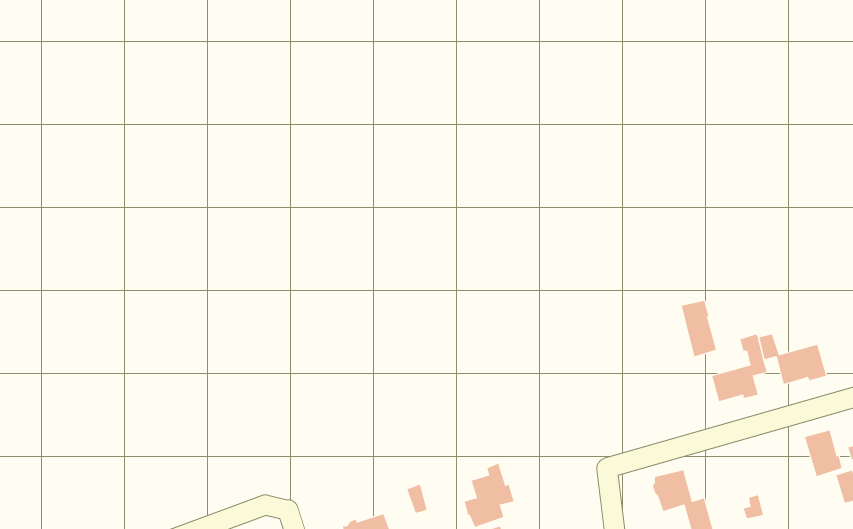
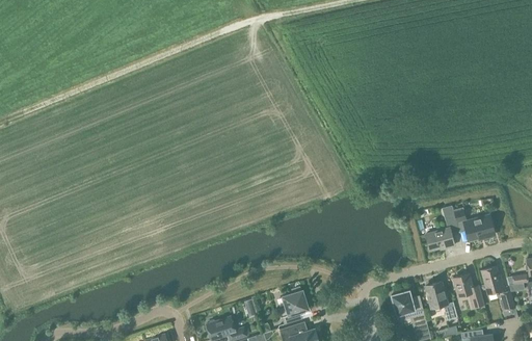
building: [681,300,717,357] -> none
building: none -> [453,273,484,307]
building: none -> [425,281,447,308]

